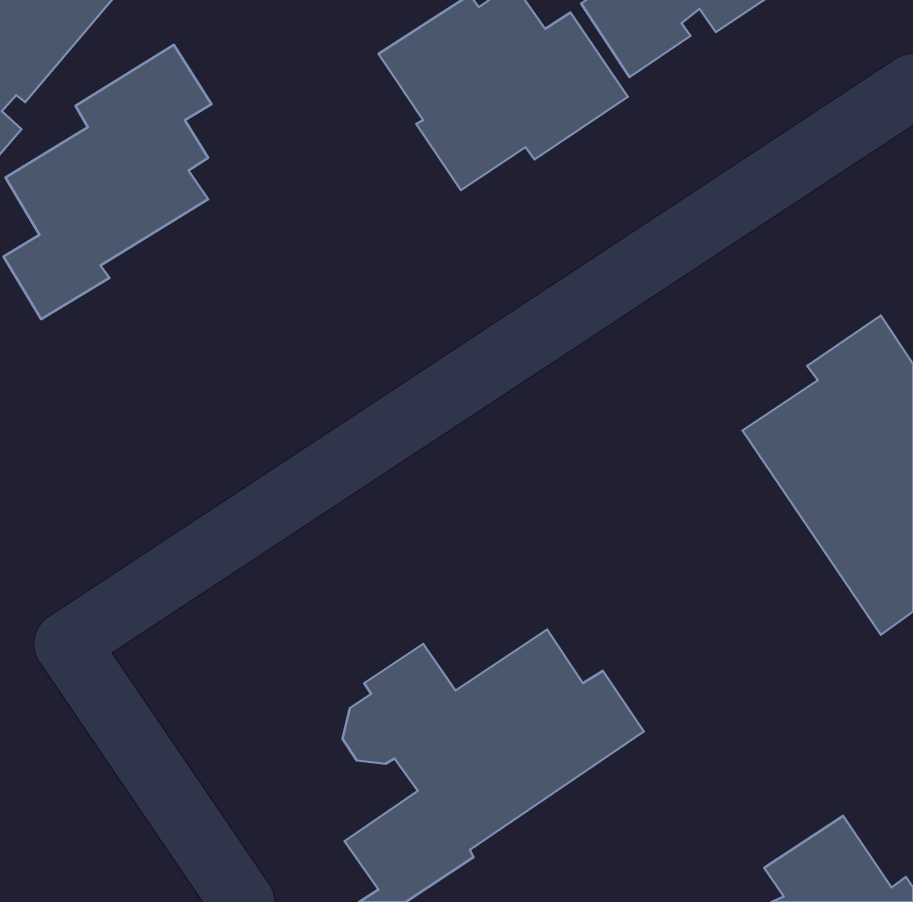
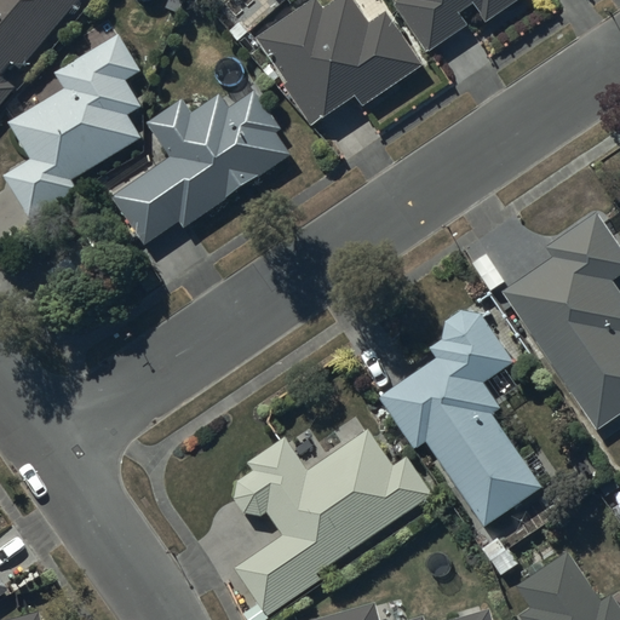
building: none -> [109,88,291,245]
building: none -> [377,310,544,528]

